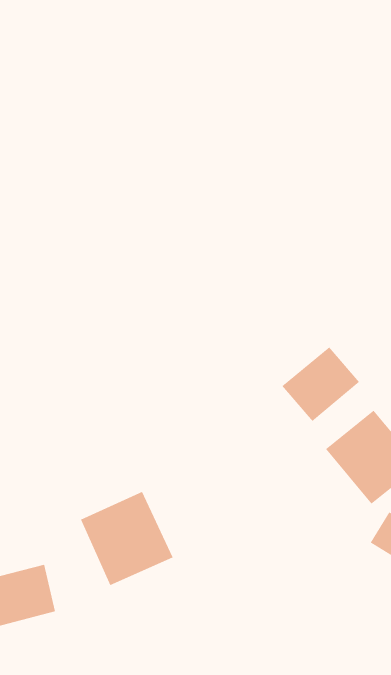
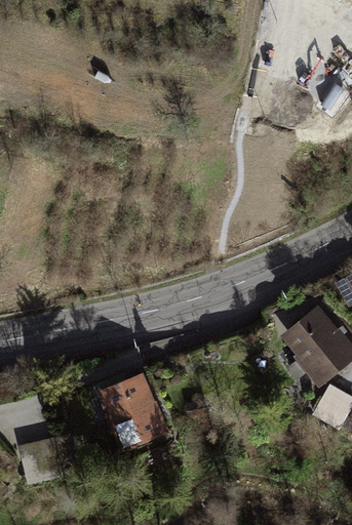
building: [282,346,360,422] -> none

